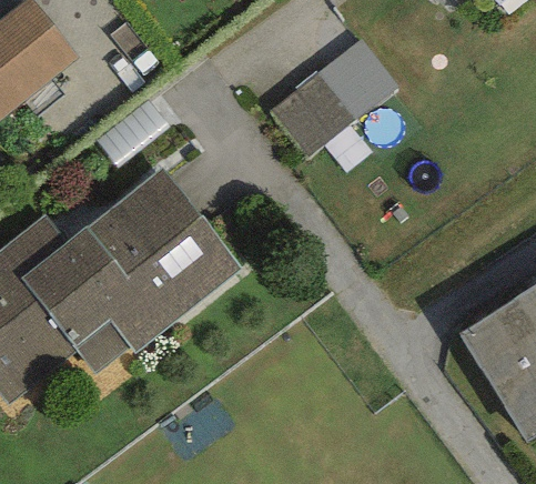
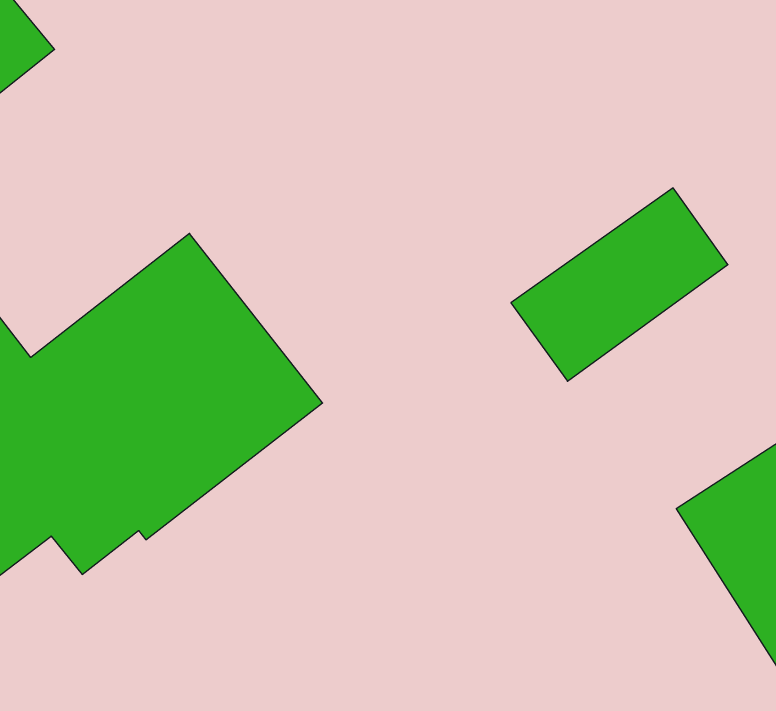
building: [265,42,397,160] -> [511,188,728,381]

